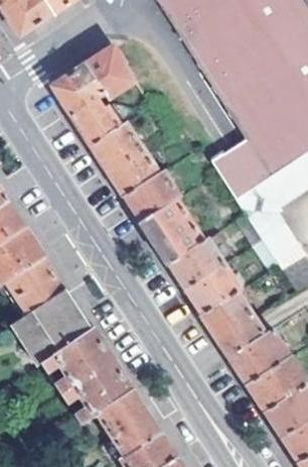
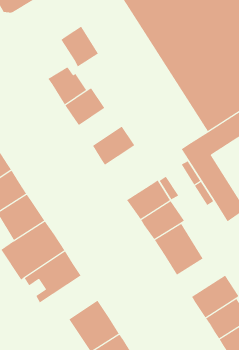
building: [55,64,102,112] -> none
building: [107,148,155,196] -> none
building: [228,153,267,192] -> none
building: [139,198,200,263] -> none
building: [228,330,289,383] -> none
building: [58,357,131,422] -> none

